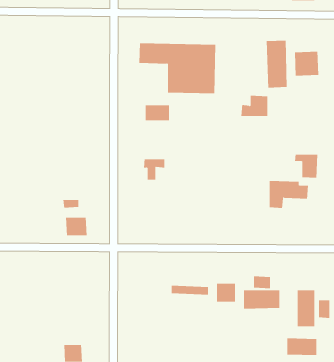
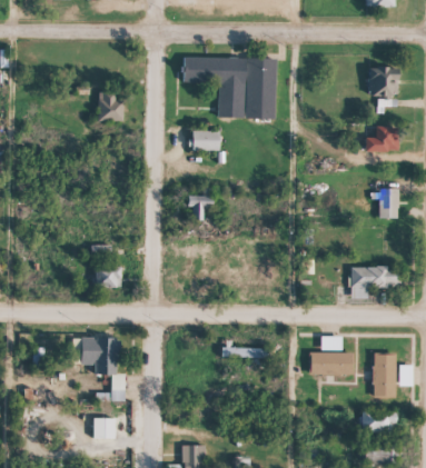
building: [266,40,287,88] -> none
building: none -> [99,92,125,121]
building: [241,95,268,117] -> [366,126,399,151]
building: [269,181,309,208] -> [351,266,399,299]
building: none -> [82,338,127,401]
building: [217,283,236,302] -> none

